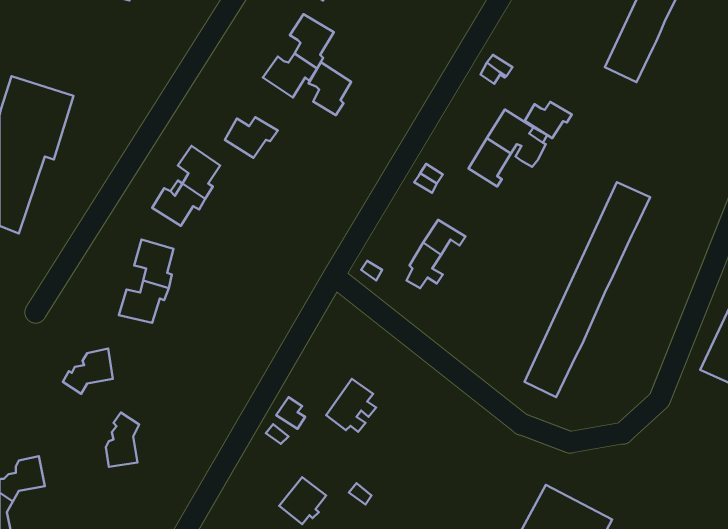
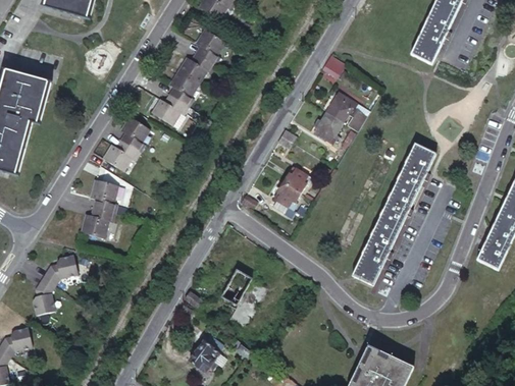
building: [309,62,351,115] -> [169,70,198,106]
building: [525,102,572,138] -> none
building: [106,412,139,467] -> [33,275,55,312]

